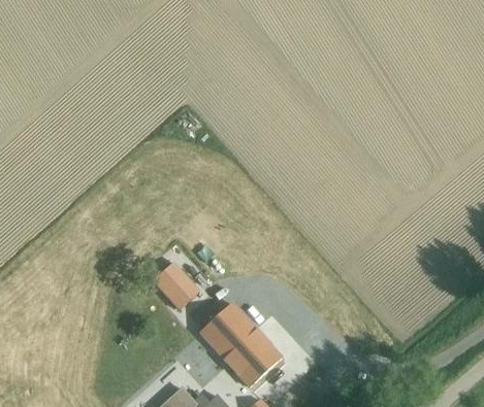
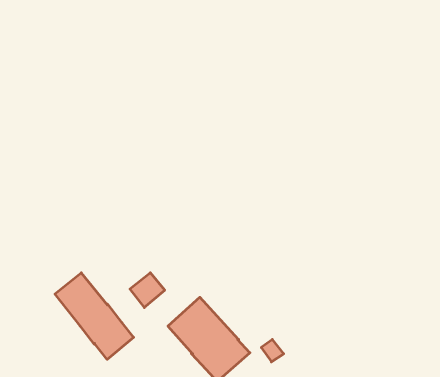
building: none -> [55,273,134,359]

